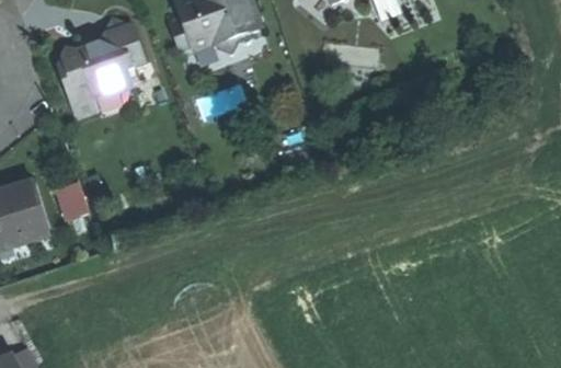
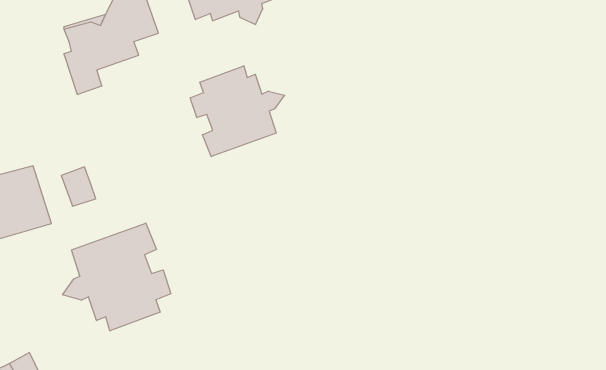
building: none -> [190,66,285,157]
building: none -> [63,223,171,331]

